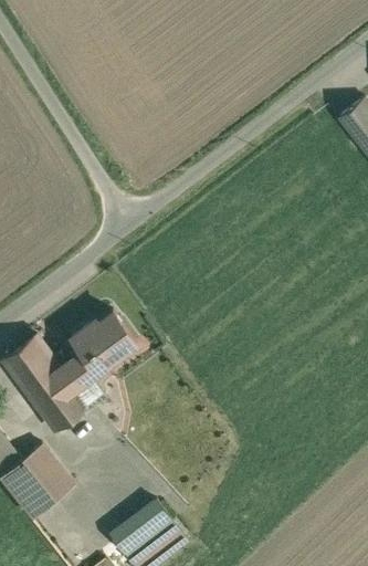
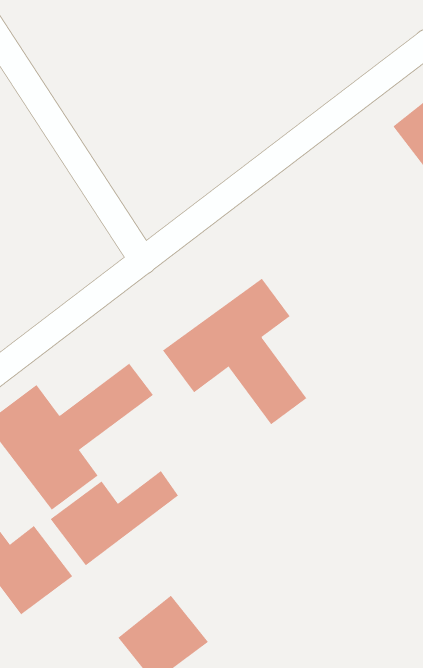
building: none -> [162,278,307,425]
building: none -> [50,470,179,566]

